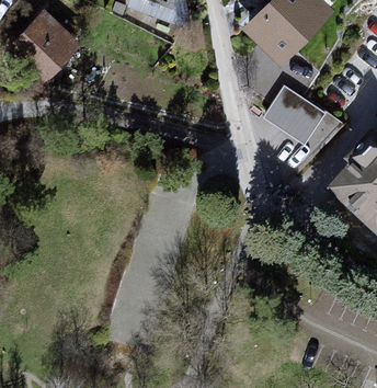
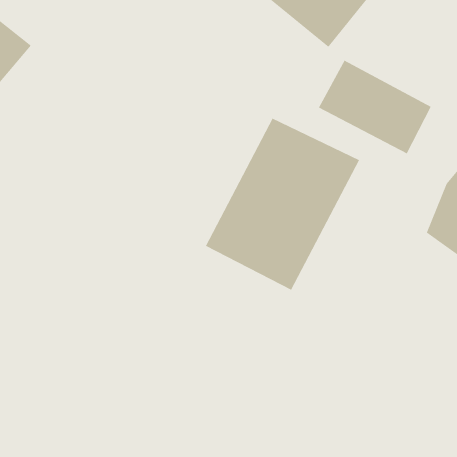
building: none -> [205,118,360,291]

